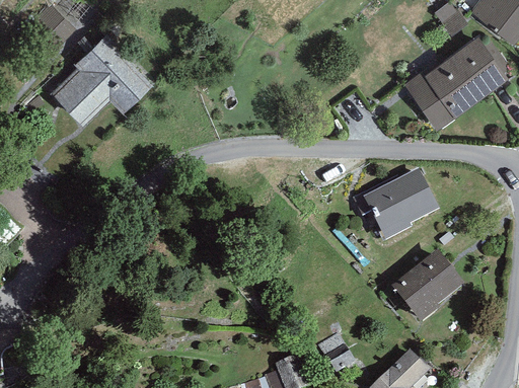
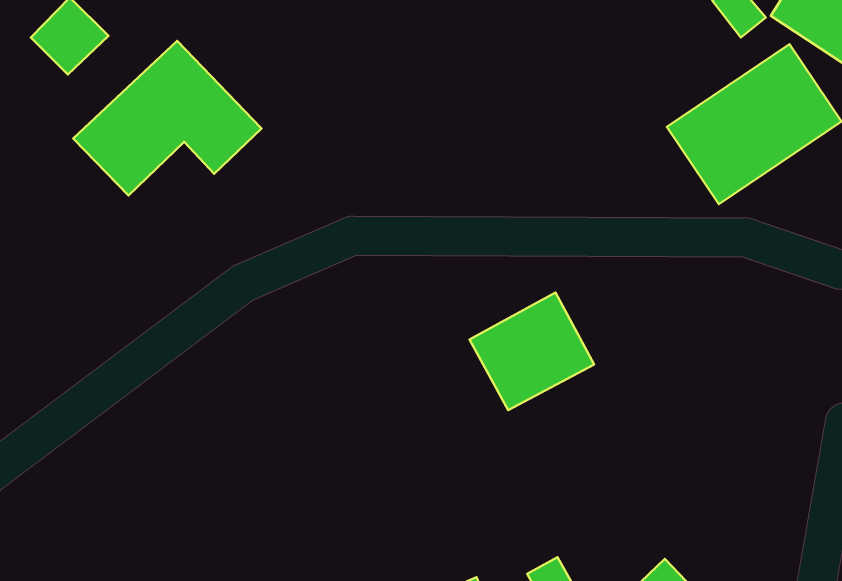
building: [370,172,445,243] -> [470,292,594,410]
building: [392,250,470,326] -> none

